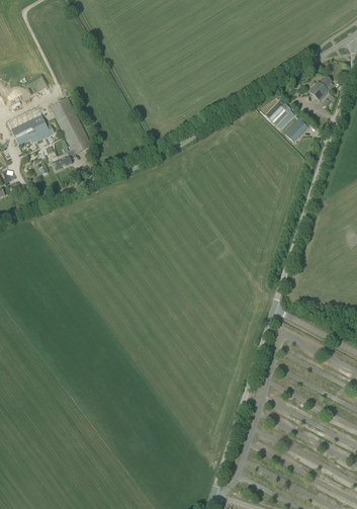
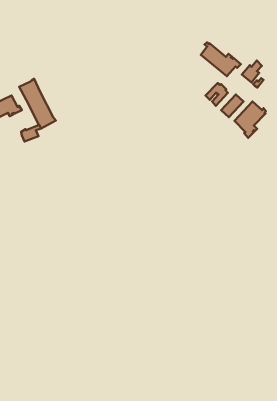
building: none -> [201,42,241,76]
building: none -> [234,102,266,138]

